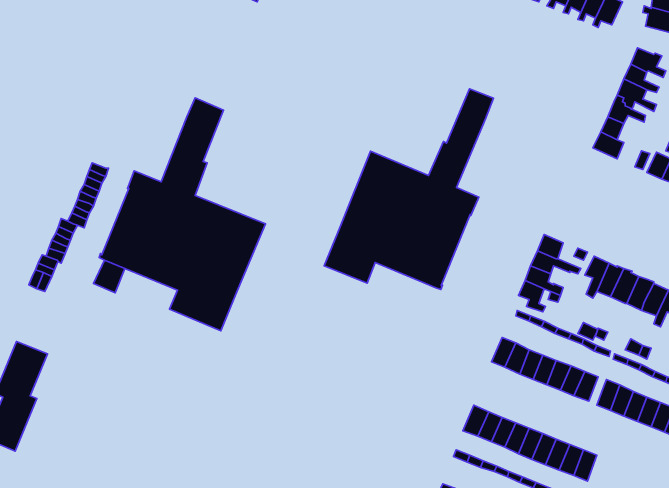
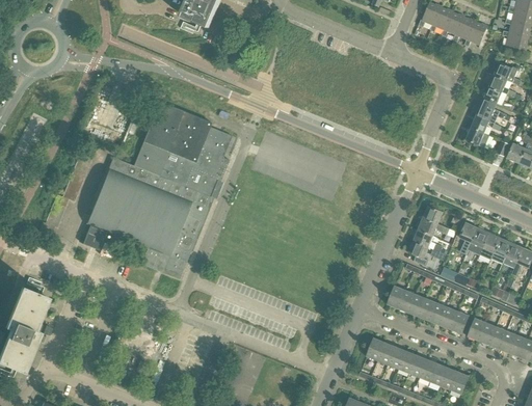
building: [324,89,494,289] -> none
building: none -> [159,110,232,197]

